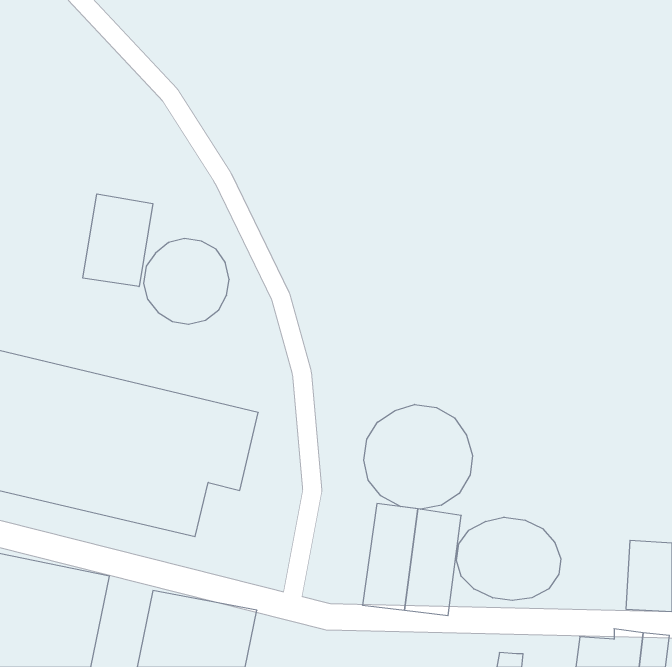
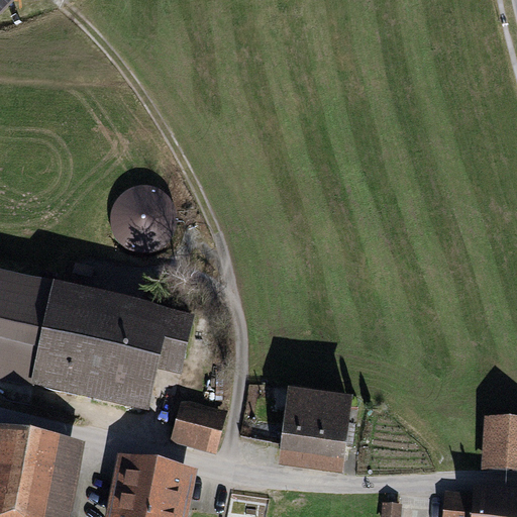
building: [83,194,153,287] -> none
building: [364,404,473,509] -> none
building: [456,517,561,600] -> none
building: none -> [170,397,228,452]

